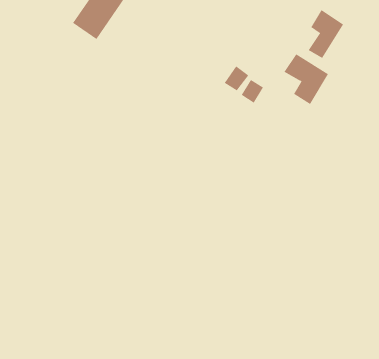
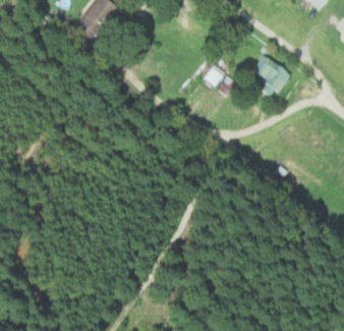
building: [308,9,344,59] -> none

